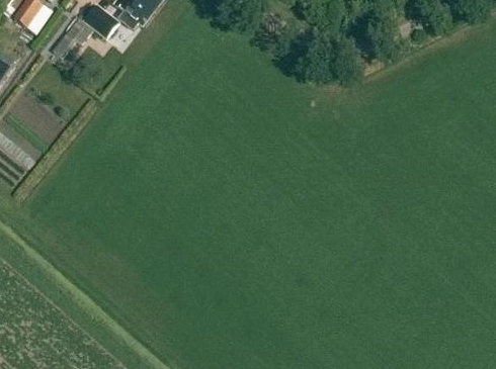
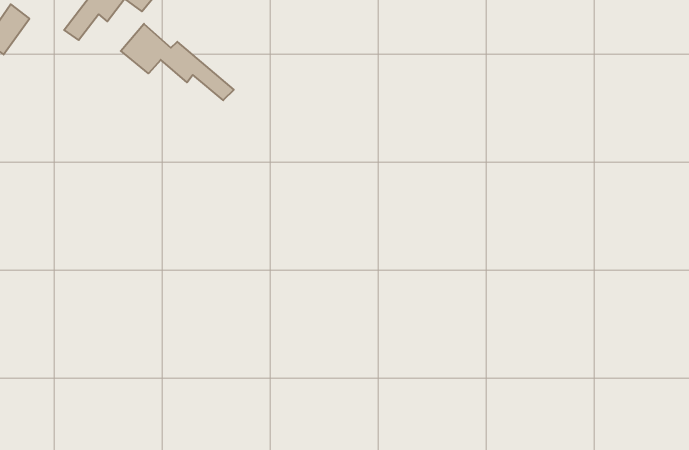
building: none -> [121,24,234,100]

